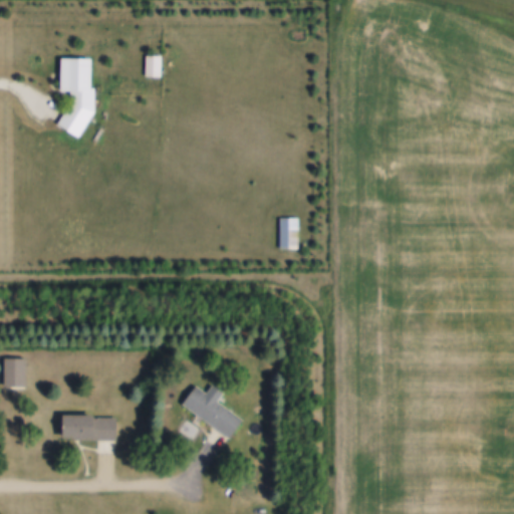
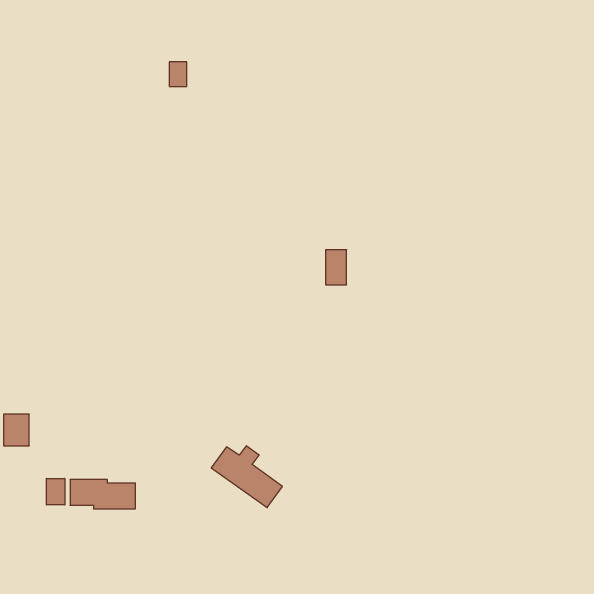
building: [57,57,94,136] -> none
building: none -> [46,478,65,505]

